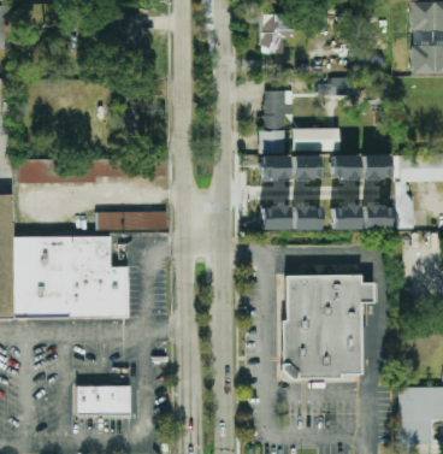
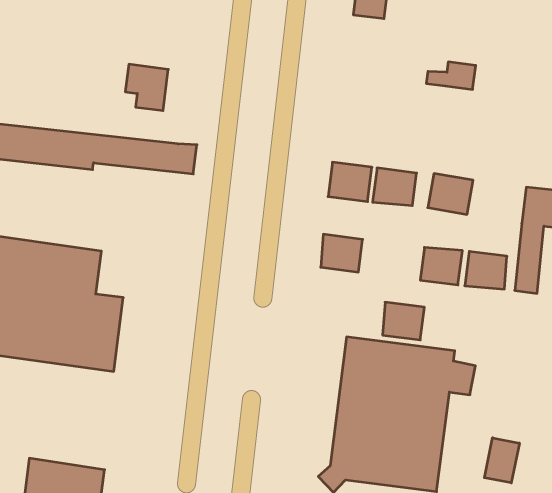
building: [260,92,284,153] -> none
building: [290,129,341,152] -> none
building: [362,154,390,178] -> none
building: [293,206,320,229] -> [383,302,424,340]
building: [96,211,167,229] -> none
building: none -> [484,438,519,483]

